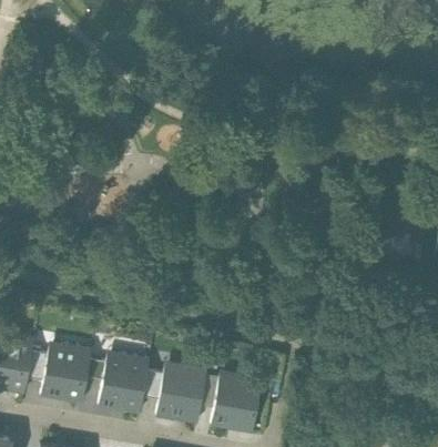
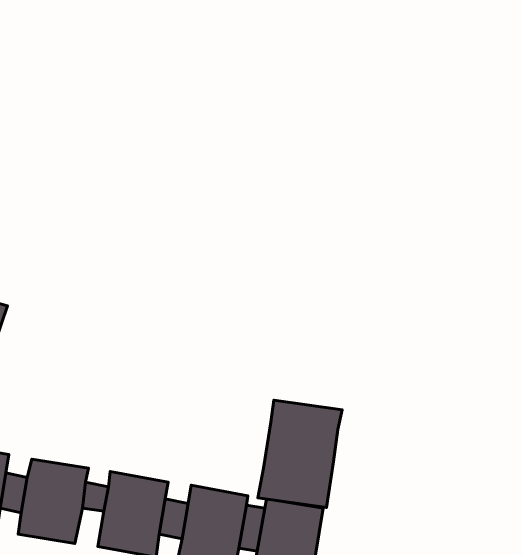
building: none -> [258,400,342,507]

